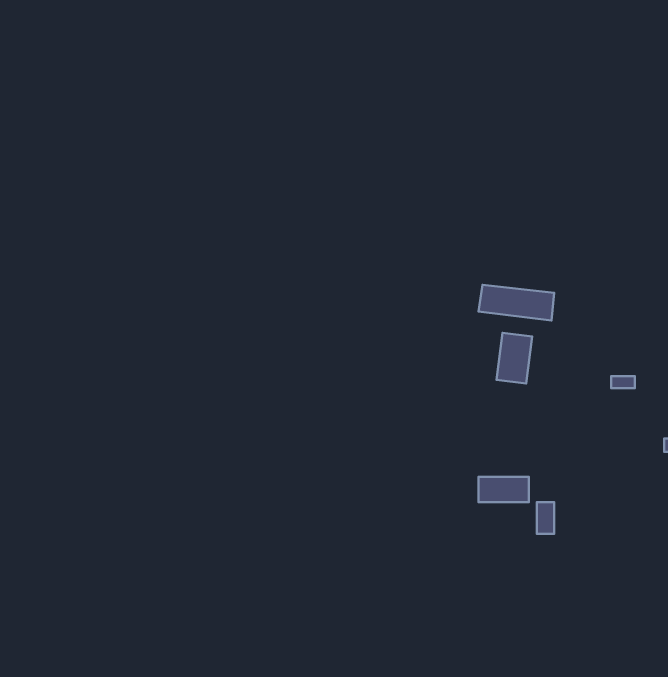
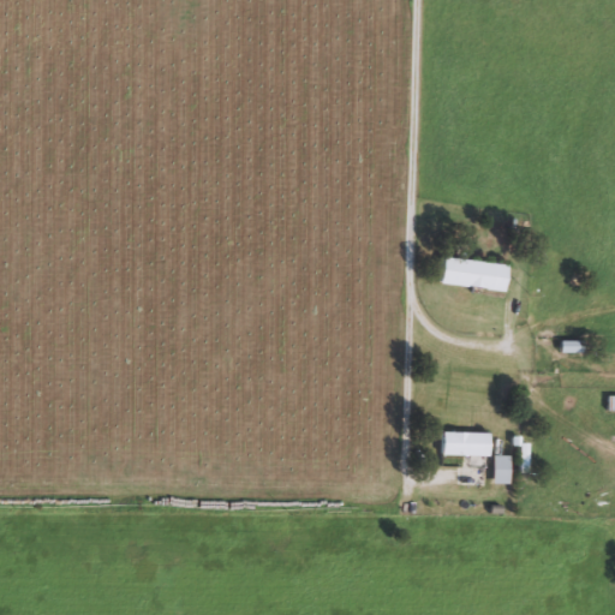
building: [497,333,532,384] -> none

